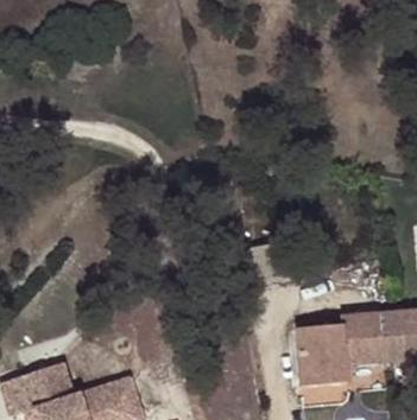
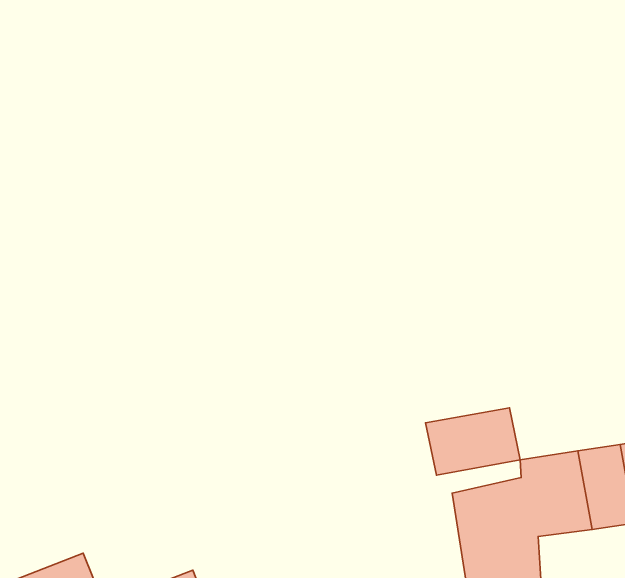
building: none -> [426,408,520,475]

